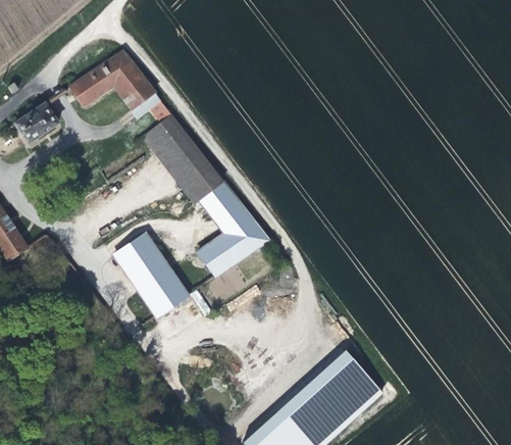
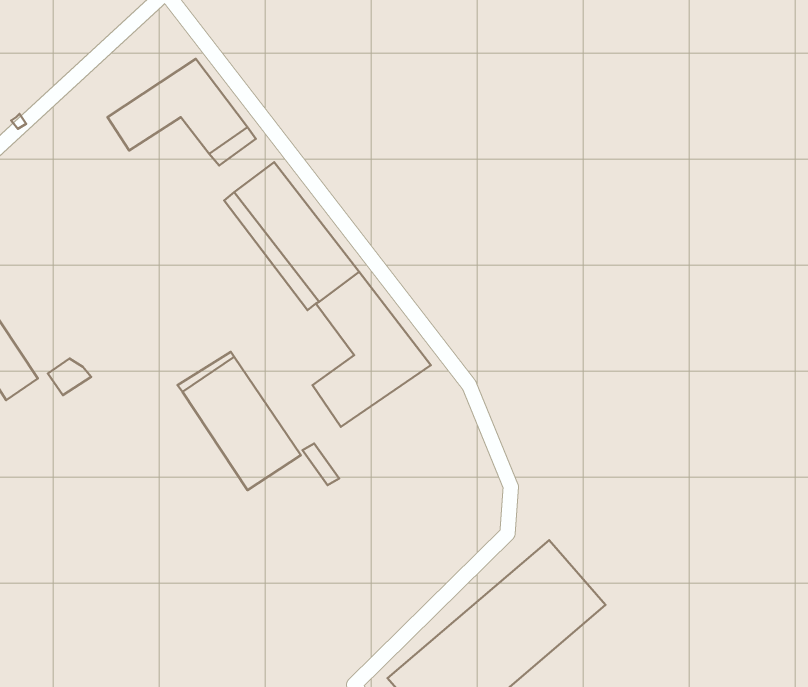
building: [16,105,59,144] -> none

